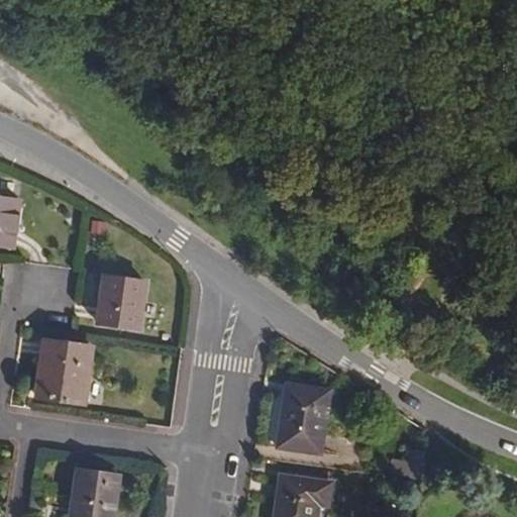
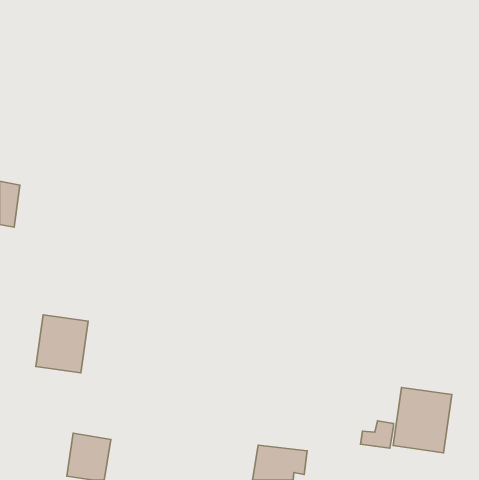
building: [98,274,147,326] -> none
building: [274,389,326,455] -> none
building: none -> [393,387,452,453]

